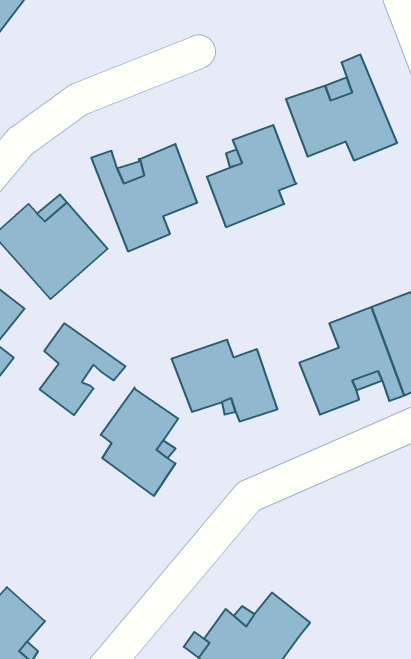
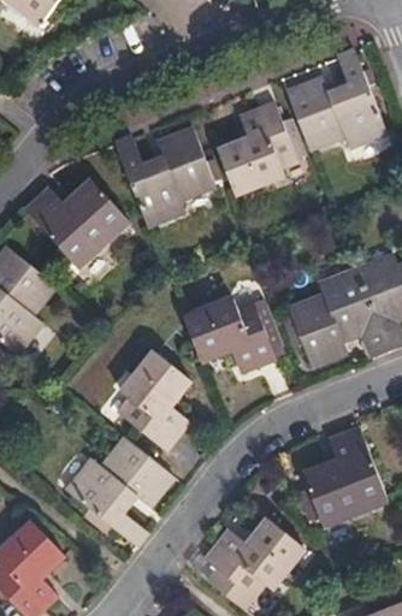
building: [40,323,125,415] -> none
building: none -> [67,432,171,539]
building: none -> [303,433,386,529]

